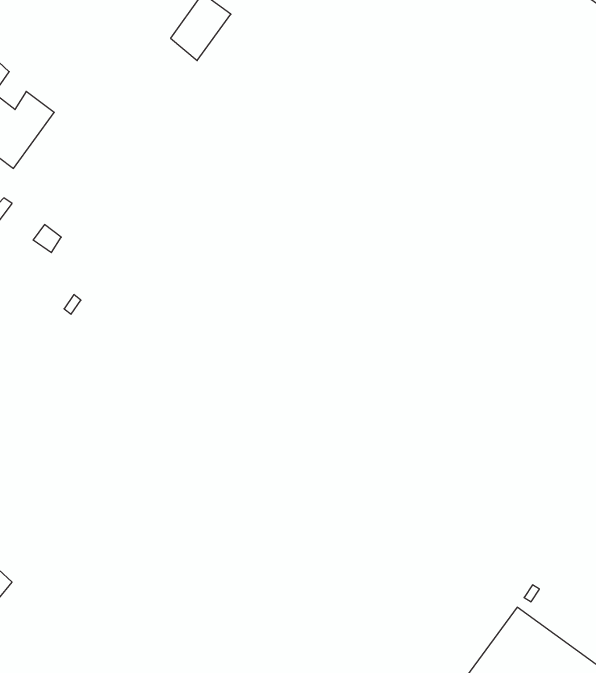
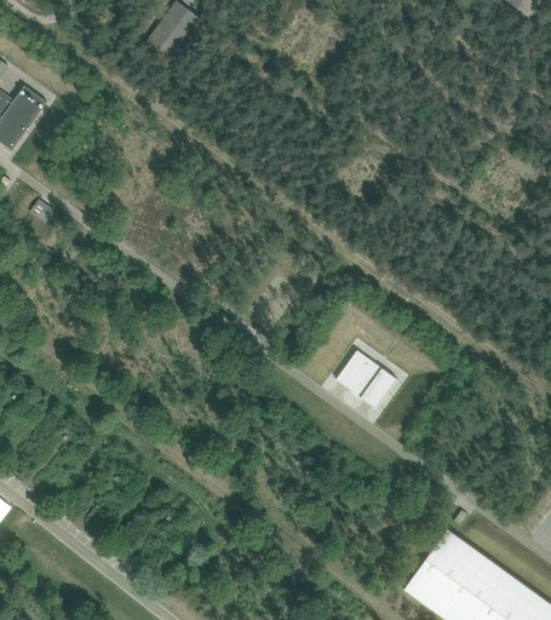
building: none -> [335,350,396,408]

